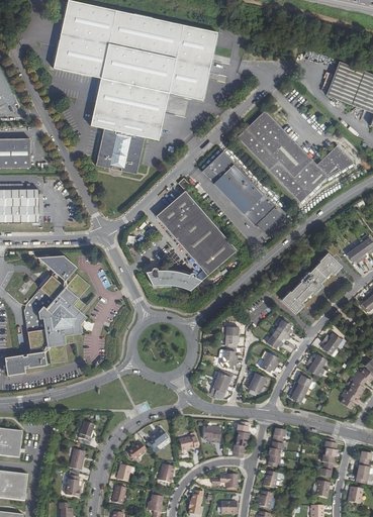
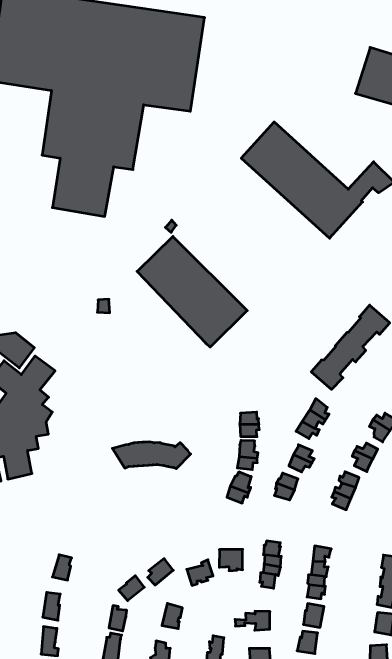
building: [202,151,281,232] -> none
building: [144,268,201,289] -> [112,442,191,469]

